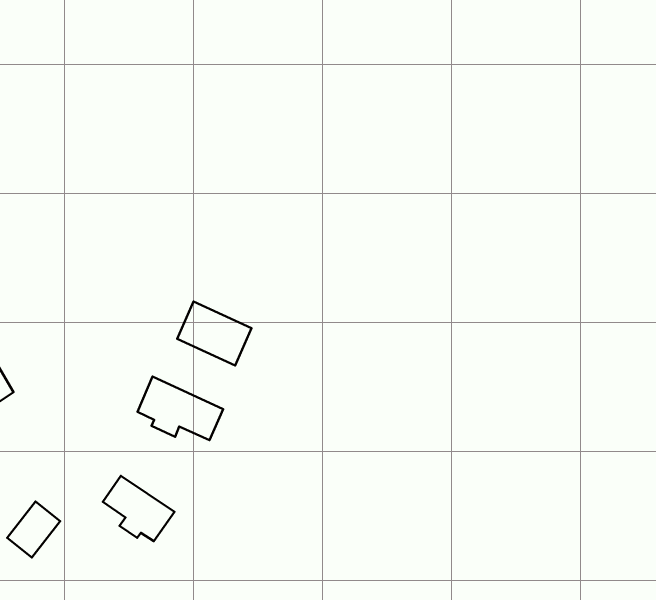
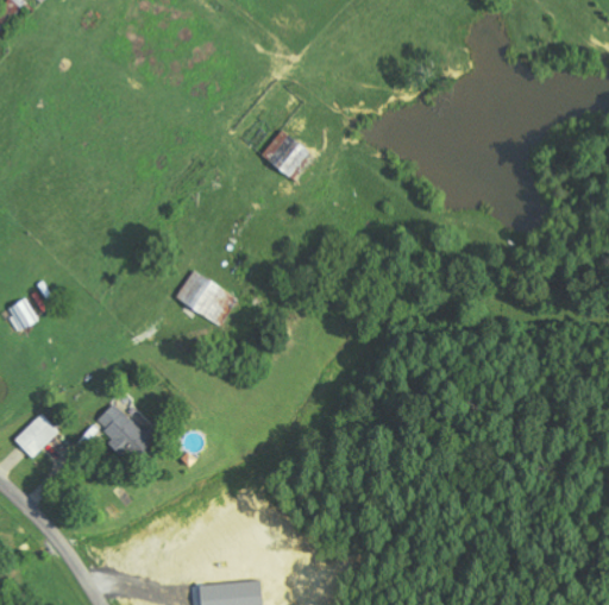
building: none -> [262,128,308,176]
building: [137,377,223,440] -> none

